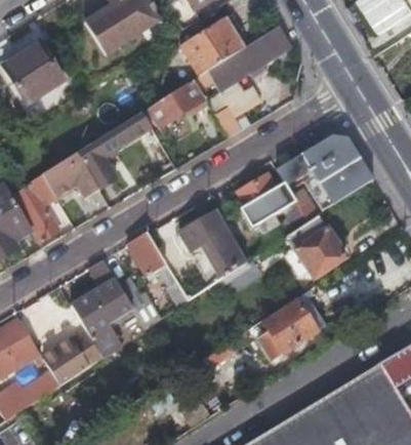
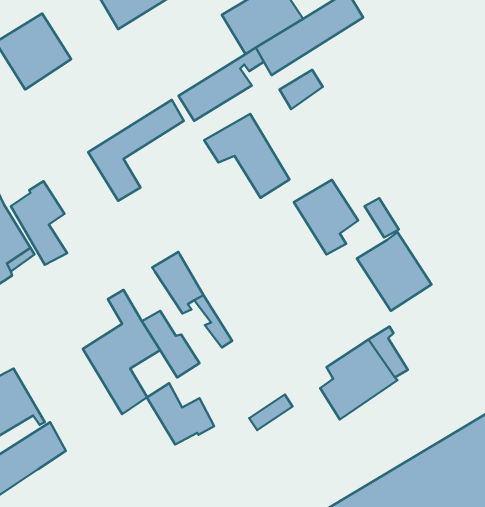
building: [275,137,372,209] -> none
building: [40,154,99,203] -> none
building: [179,211,246,277] -> [204,114,289,198]
building: none -> [147,383,214,445]
building: [41,341,87,388] -> none

